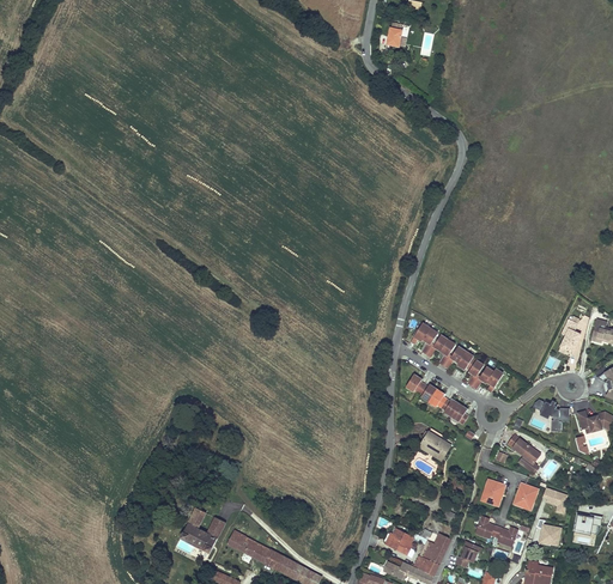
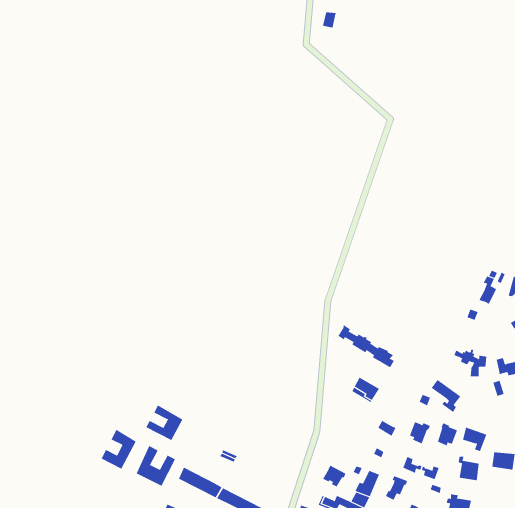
building: [409,321,502,389] -> none
building: none -> [146,404,183,441]
building: none -> [101,429,137,470]

